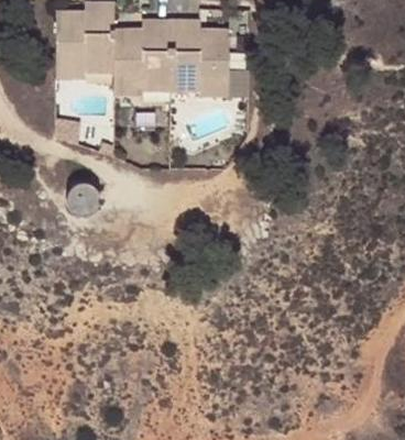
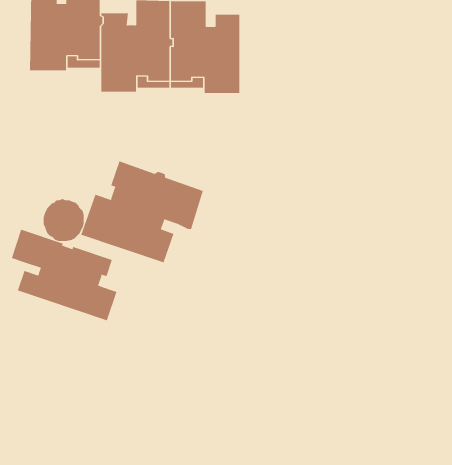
building: none -> [80,161,204,263]
building: none -> [11,229,117,321]

